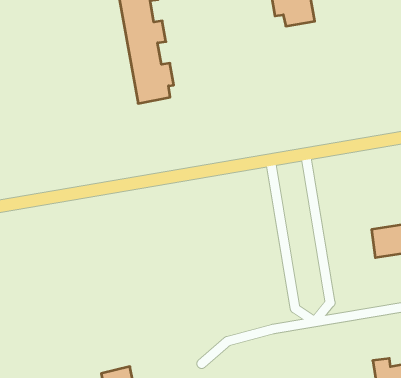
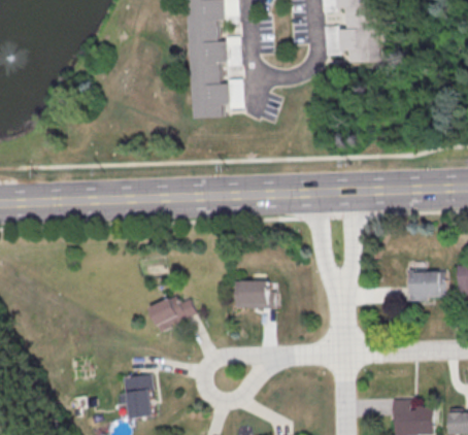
building: none -> [234,280,271,308]
building: none -> [148,295,196,331]

